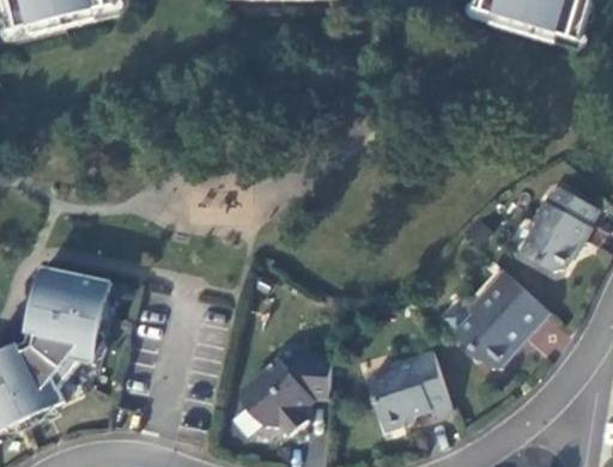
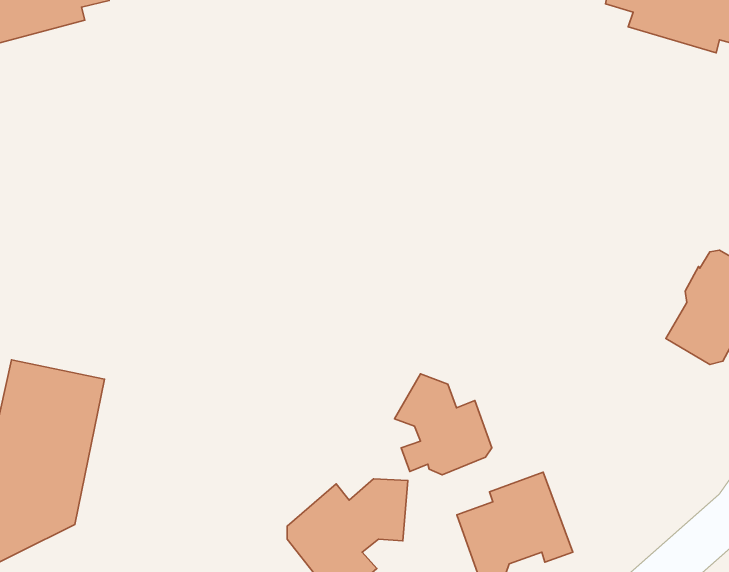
building: [459,268,552,368] -> none
building: none -> [394,374,492,475]

